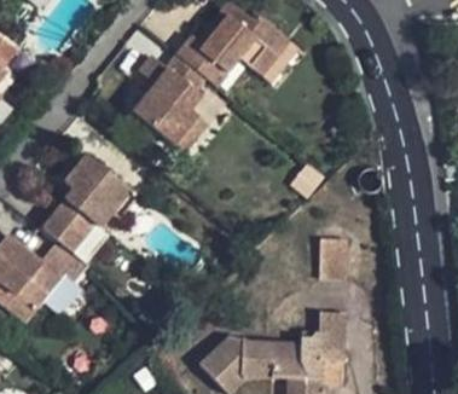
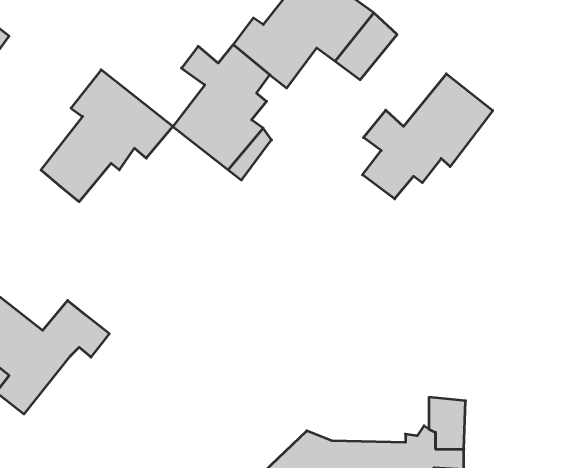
building: none -> [362,74,493,199]
building: [44,155,139,250] -> [41,70,173,202]
building: [319,237,348,278] -> none

